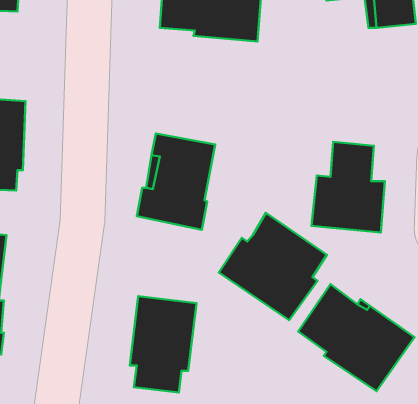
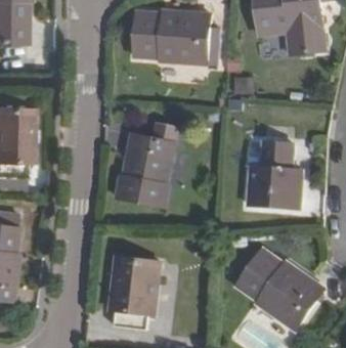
building: [219,213,327,320] -> none

